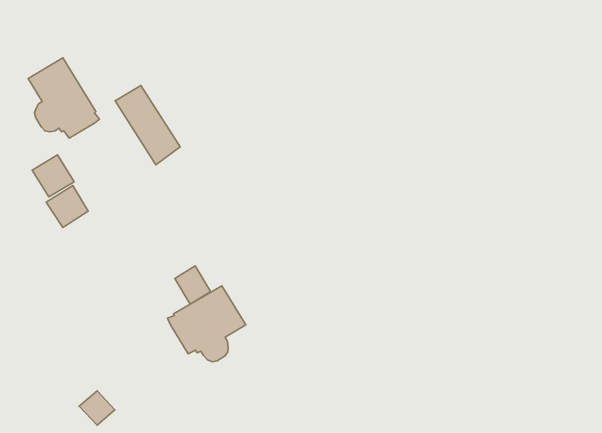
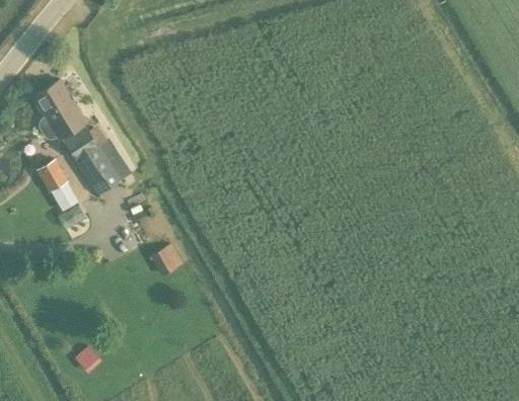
building: [115,86,180,165] -> [68,132,120,194]
building: [167,286,246,362] -> none

